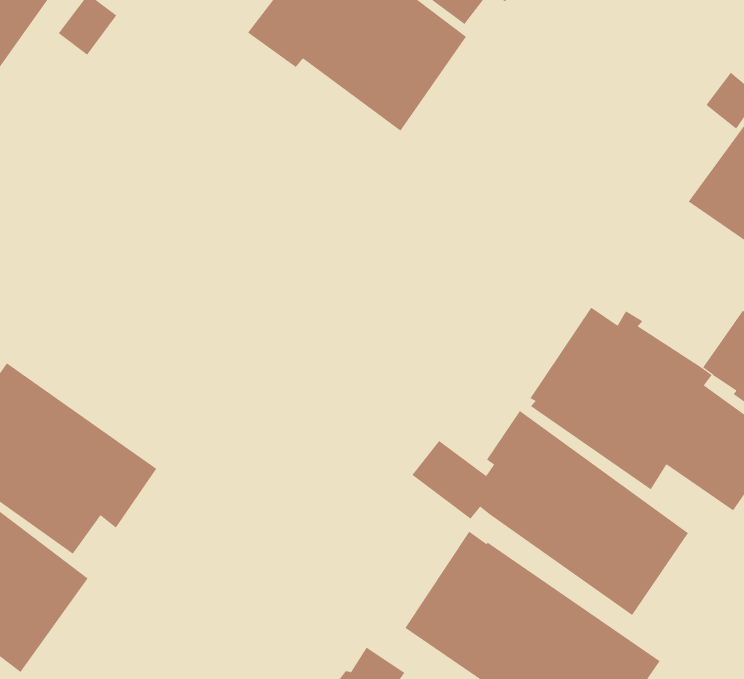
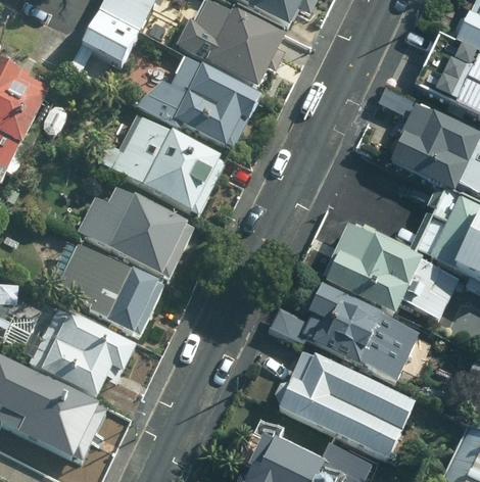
building: none -> [97,115,228,212]
building: none -> [79,185,194,277]
building: none -> [48,237,165,334]

